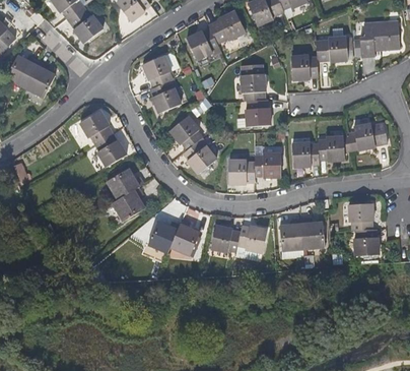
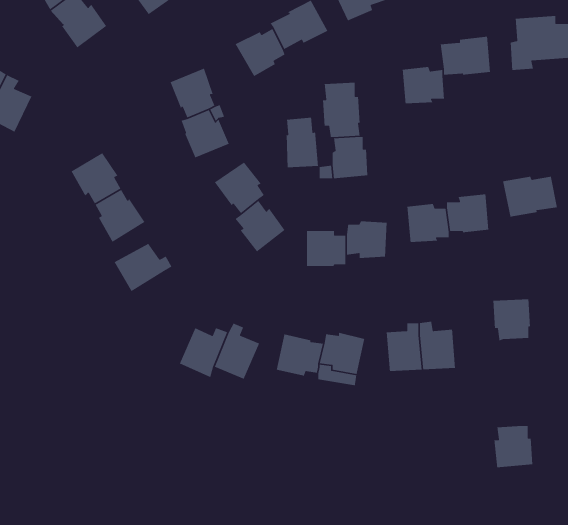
building: none -> [286,117,319,168]
building: [113,185,146,221] -> none
building: [353,228,379,255] -> [493,425,533,468]

